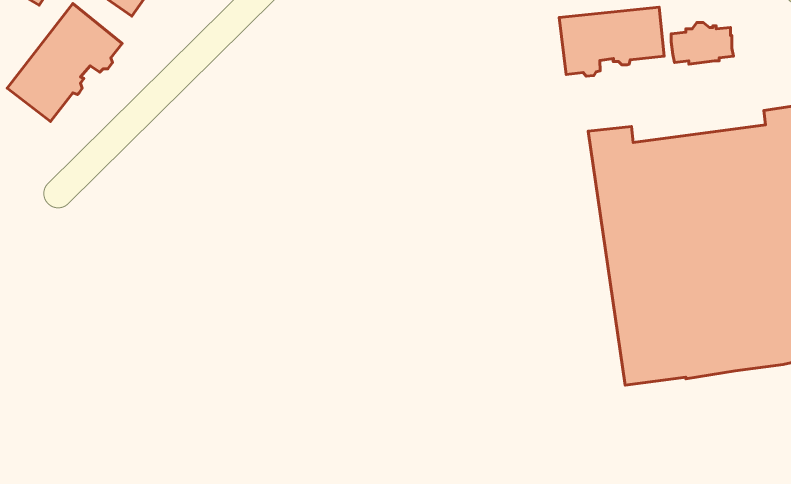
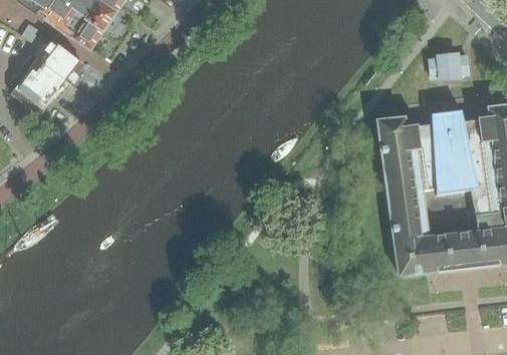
building: [559,7,664,76] -> none

